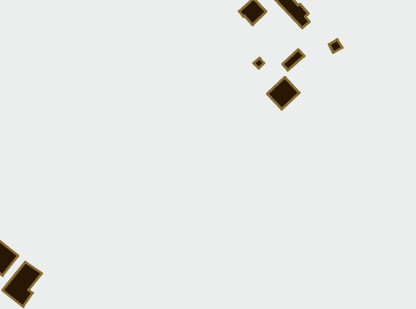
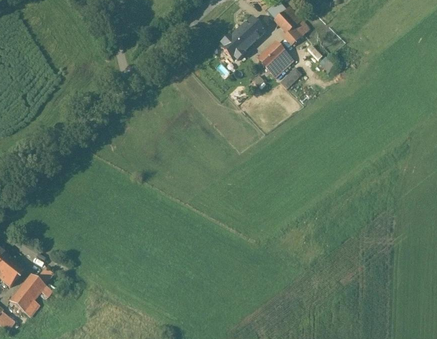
building: none -> [222,30,251,59]
building: [267,77,299,109] -> [258,42,289,73]

